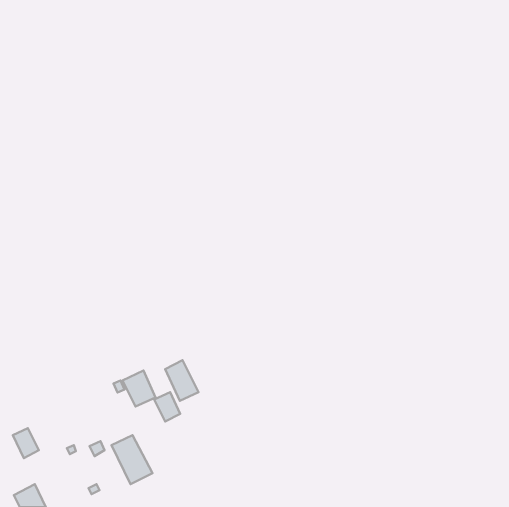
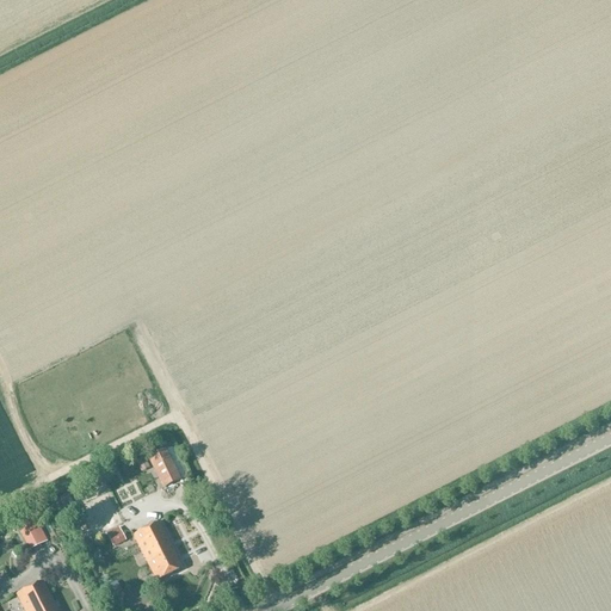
building: [165,360,198,401] -> none
building: [154,392,180,421] -> none

